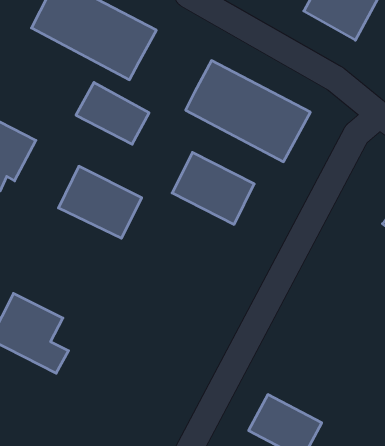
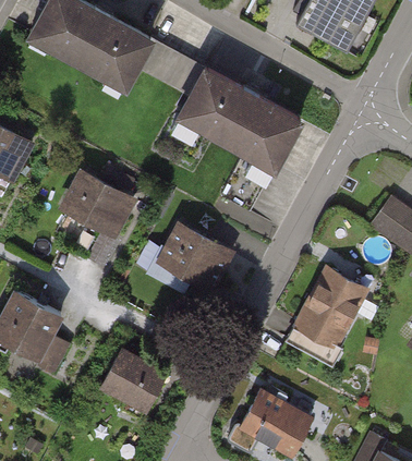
building: [76,82,149,144] -> [135,38,206,98]
building: [172,152,254,224] -> [154,221,233,291]
building: none -> [286,269,367,366]
building: none -> [102,350,166,410]

